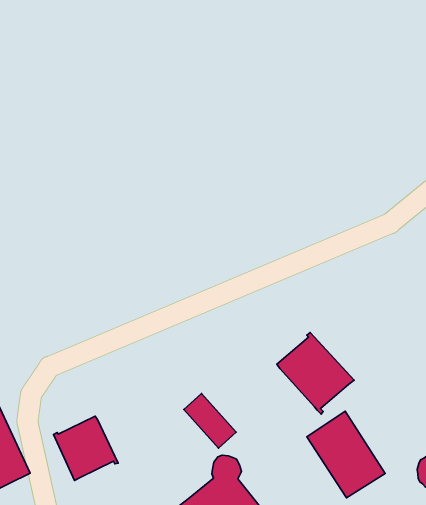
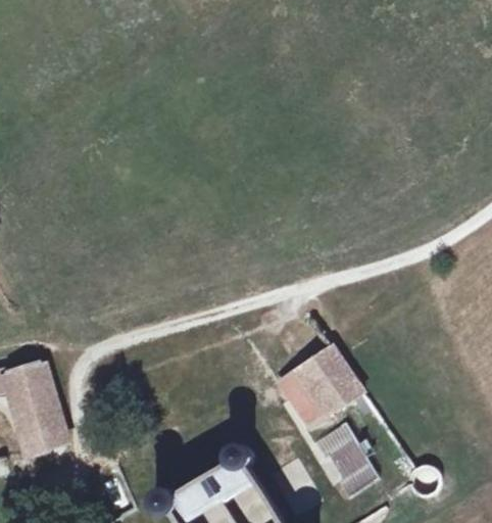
building: [184,394,236,448] -> [280,374,324,424]
building: [53,416,118,481] -> none

